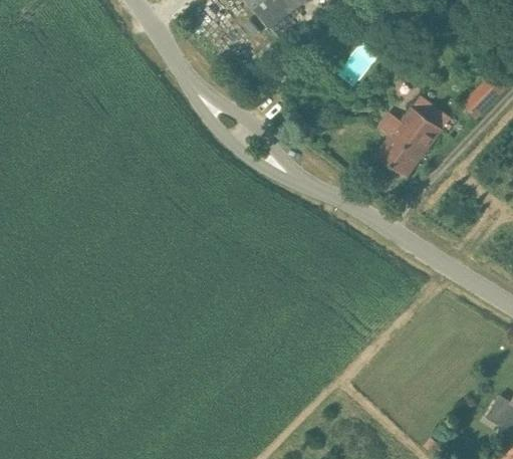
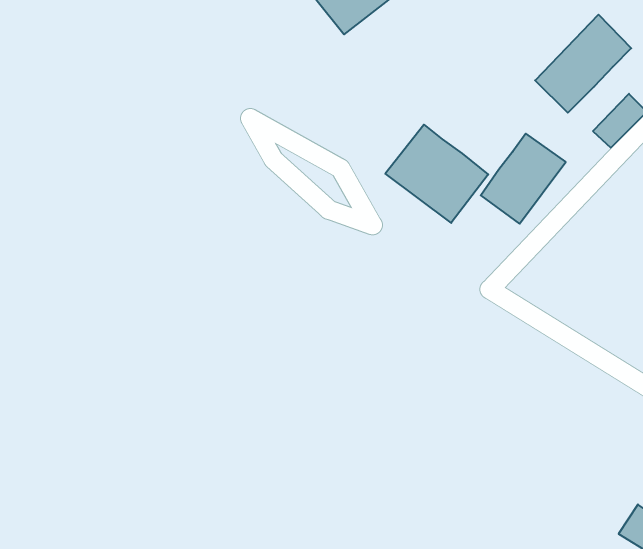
building: none -> [535,15,631,113]
building: none -> [385,125,488,223]

